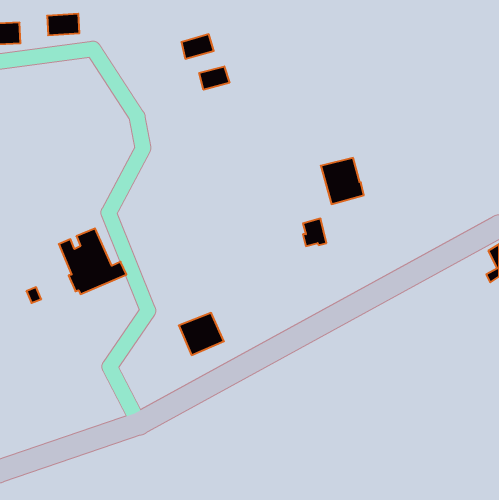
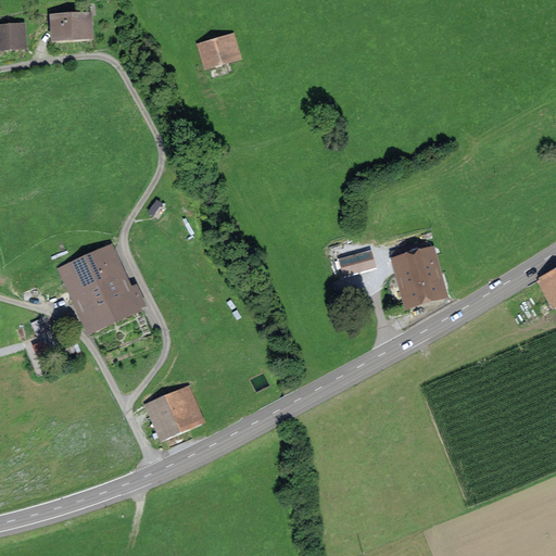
building: [199,66,229,90] -> none
building: [321,158,364,204] -> [397,252,445,303]
building: [179,313,224,355] -> [150,388,200,434]

